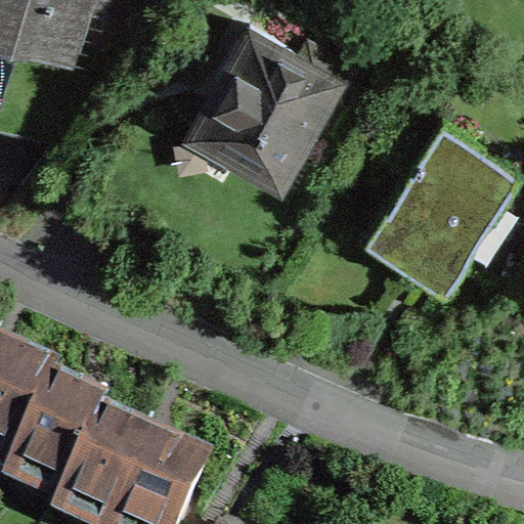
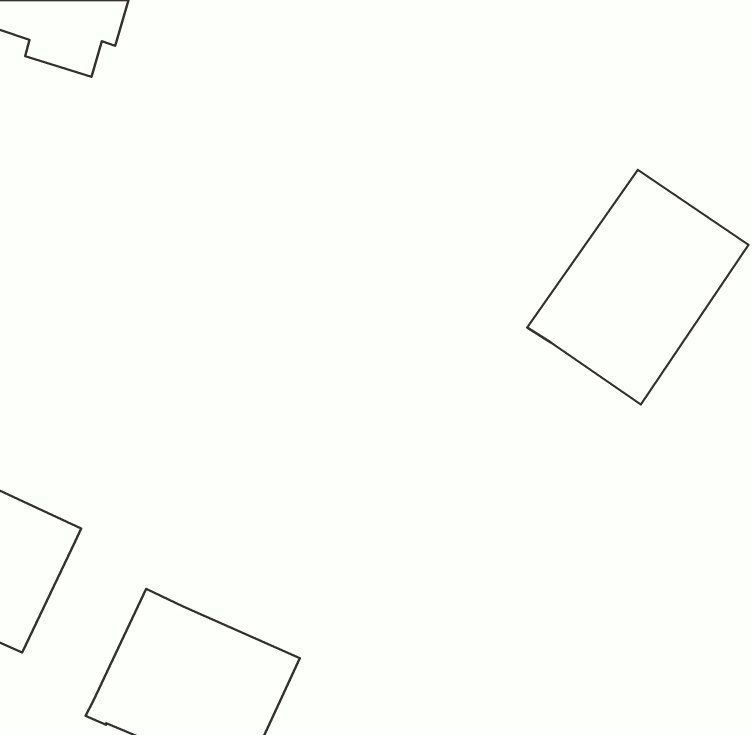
building: [196,35,358,190] -> none
building: [11,389,105,499] -> none

